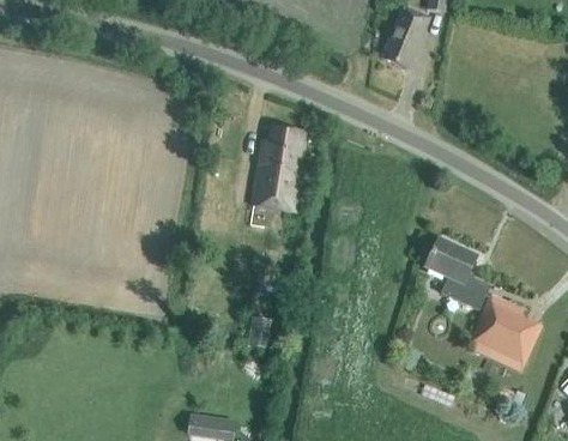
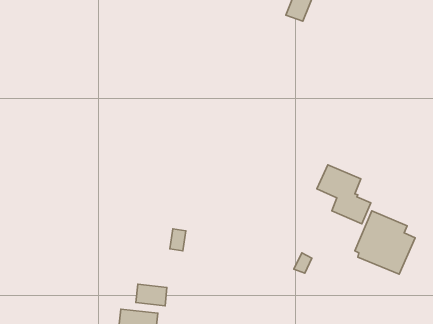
building: [250,128,302,211] -> none
building: none -> [136,284,167,306]

